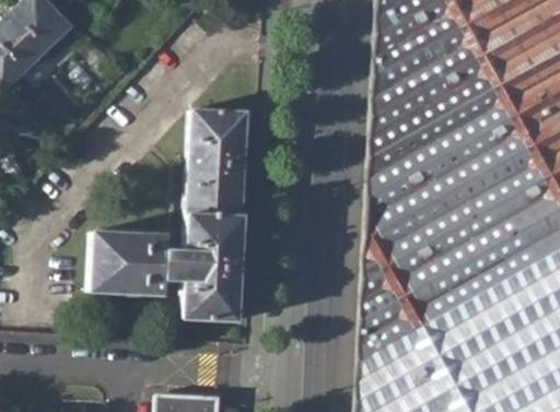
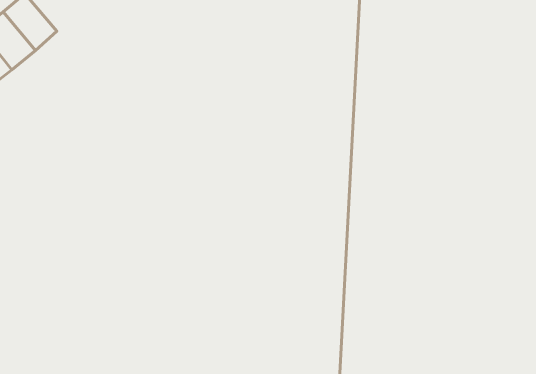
building: [90,108,246,319] -> none

